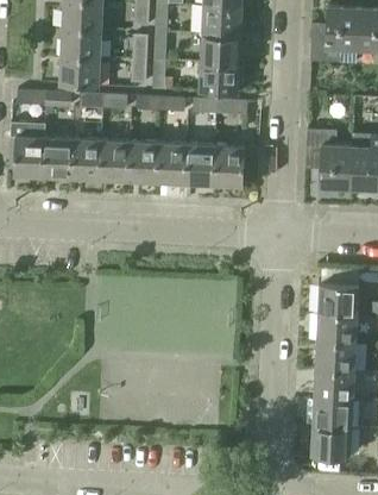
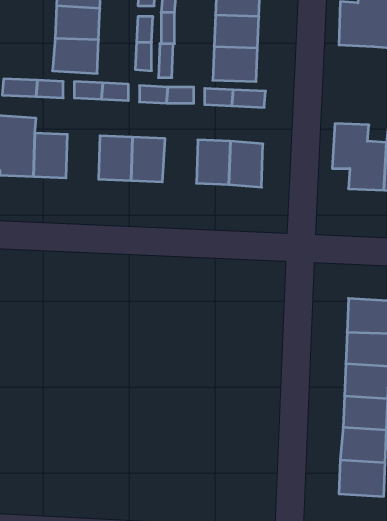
building: [71,139,101,178] -> none
building: [156,143,187,182] -> none

